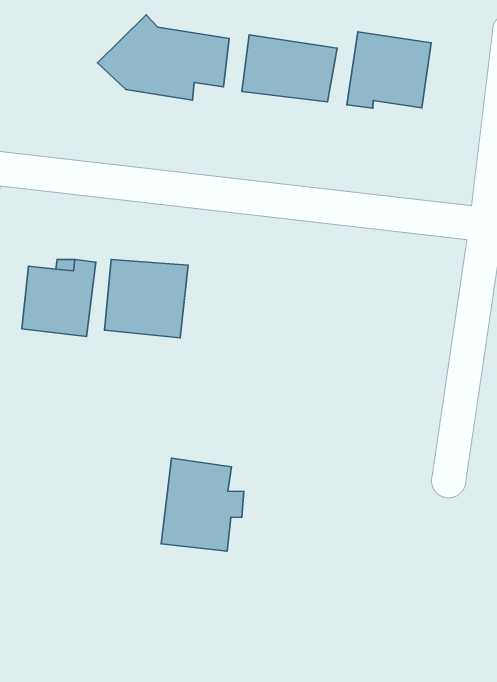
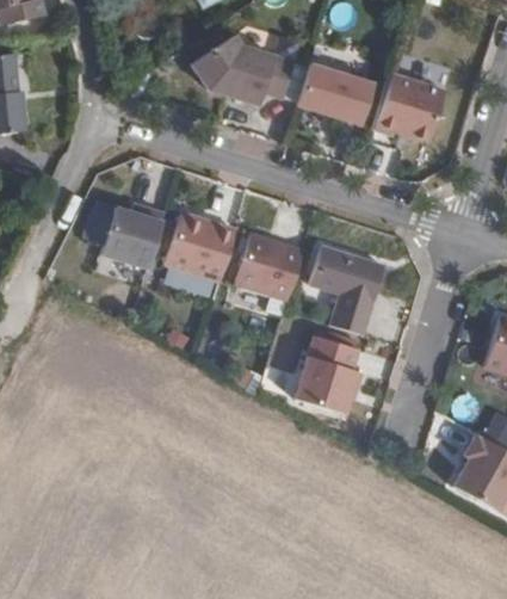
building: none -> [307,246,381,335]
building: none -> [231,234,299,300]
building: [161,458,244,551] -> [292,335,361,413]

